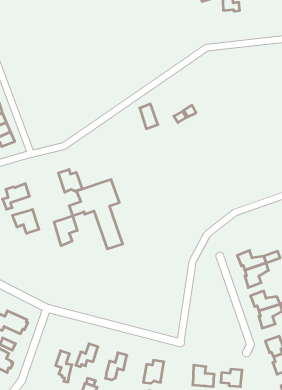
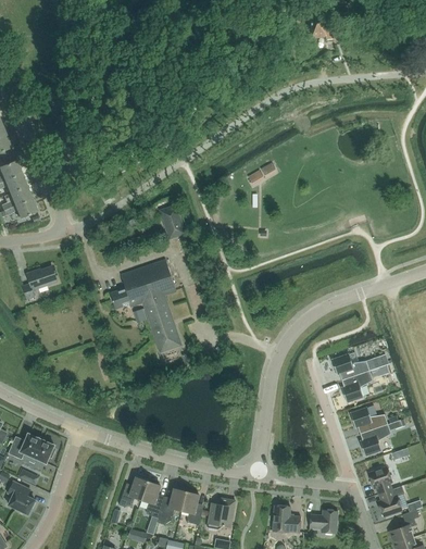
building: [140,104,158,129] -> [160,205,184,238]
building: [58,169,82,192] -> none
building: [12,209,39,233] -> none
building: [54,216,77,246] -> none
building: [56,351,72,382] -> [141,481,163,522]
building: none -> [181,491,202,525]

